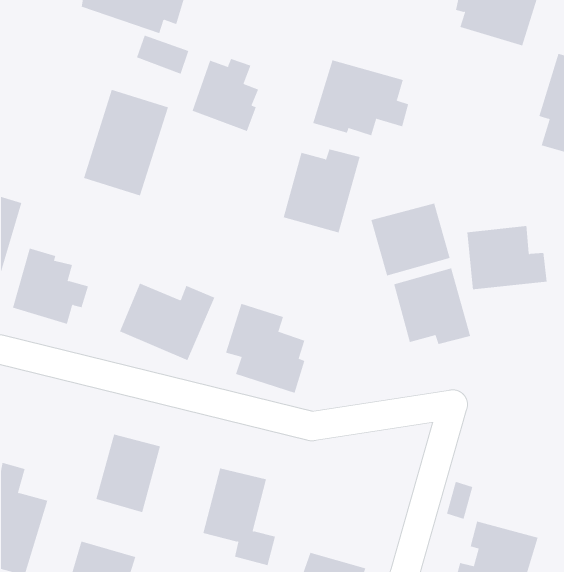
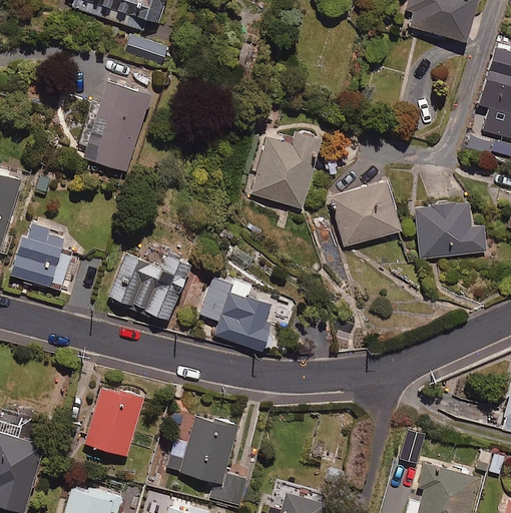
building: [192,58,259,132] -> none
building: [312,60,409,136] -> none
building: [393,268,471,345] -> none

